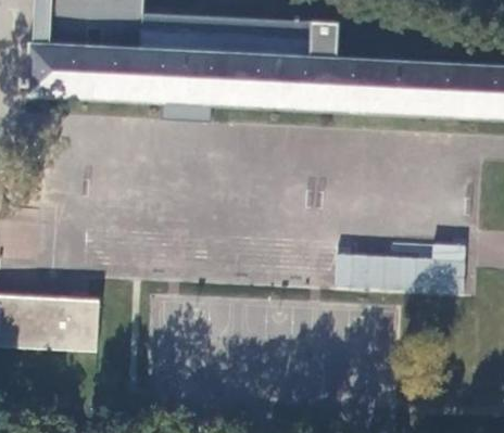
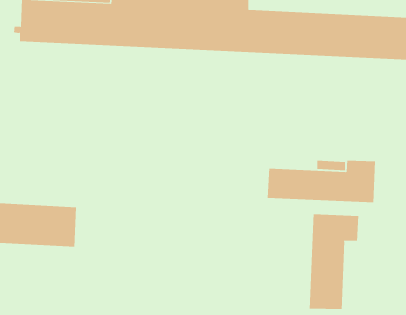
building: none -> [309,214,359,310]

